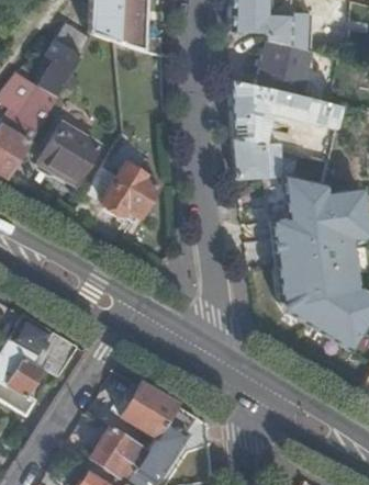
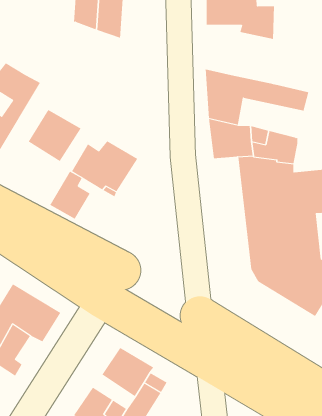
building: [37,24,88,97] -> none
building: [260,42,317,98] -> none
building: none -> [49,171,91,219]

